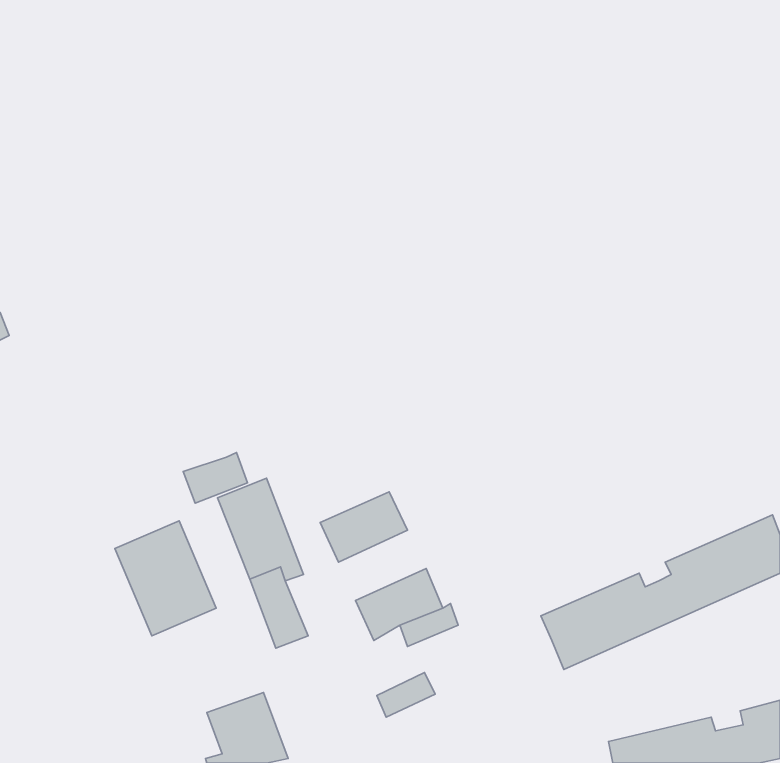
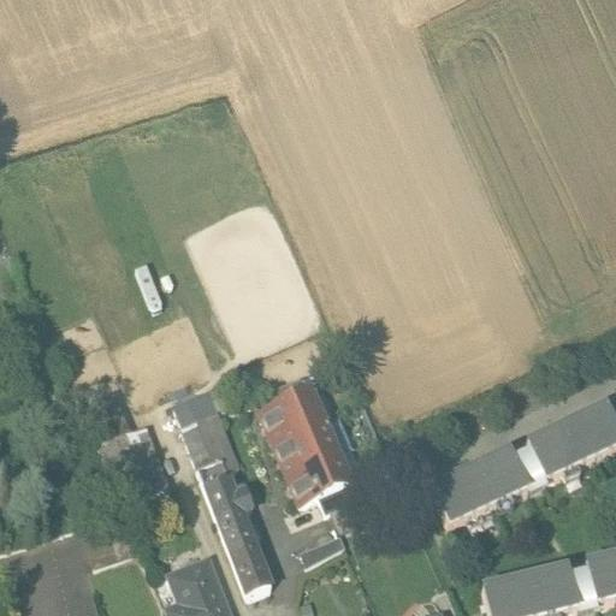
building: [183,453,248,503] -> none
building: none -> [266,416,334,472]
building: none -> [217,499,272,586]

